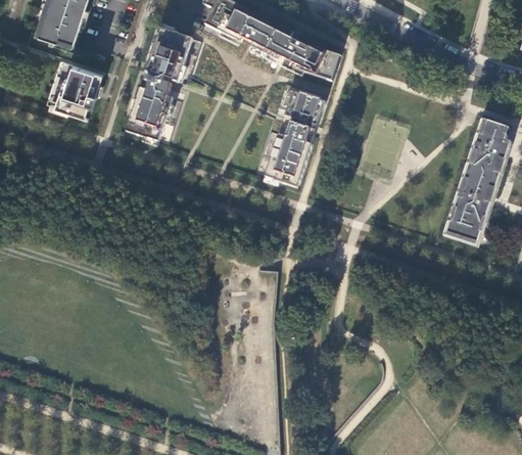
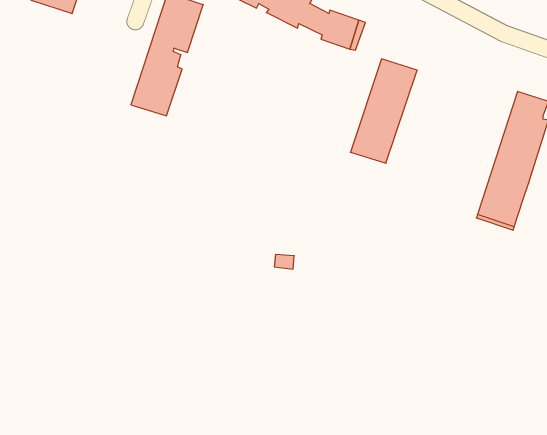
building: [55,63,102,116] -> none
building: [265,90,326,186] -> [350,59,417,163]

